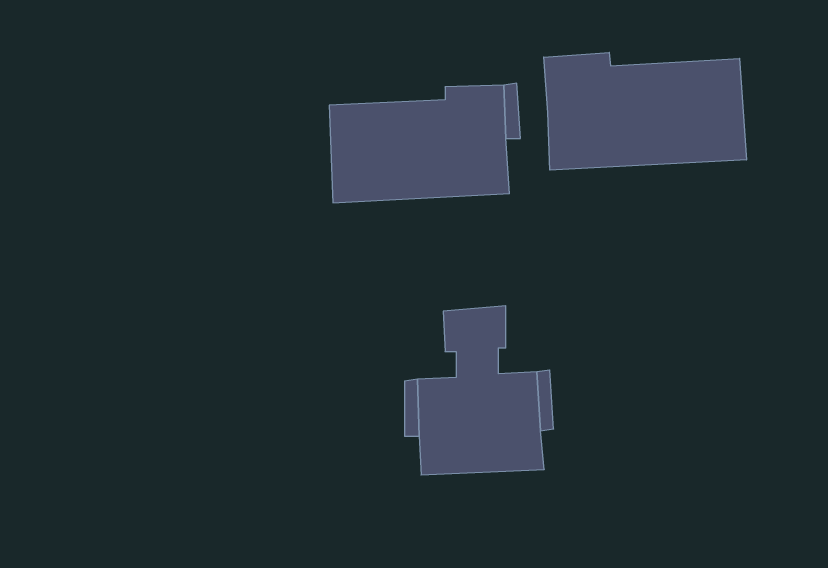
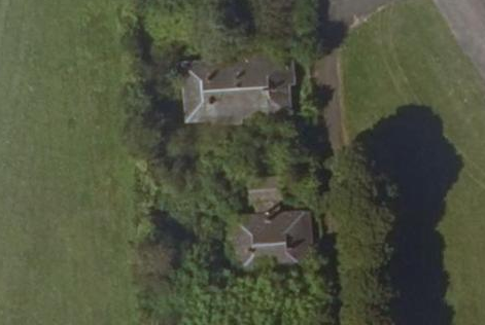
building: [544,52,746,170] -> none

